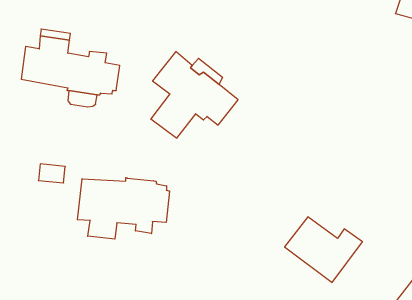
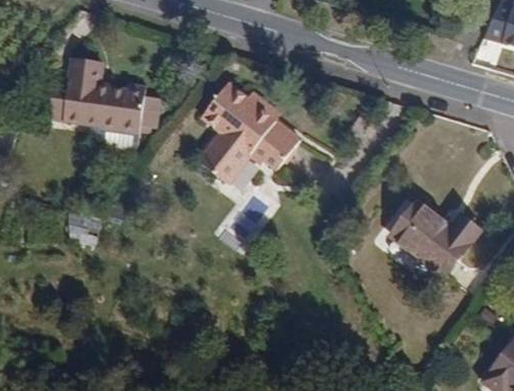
building: [77,178,170,239] -> none
building: [285,217,362,282] -> [390,201,482,278]

